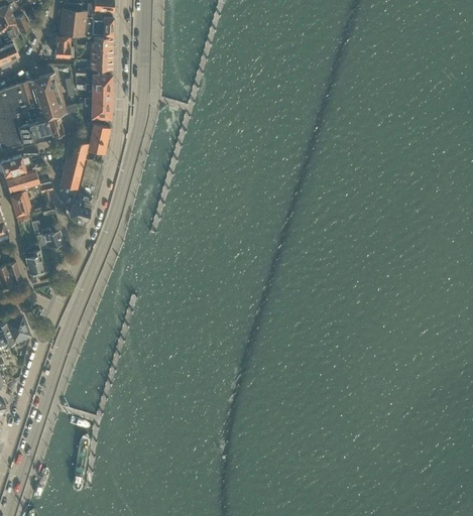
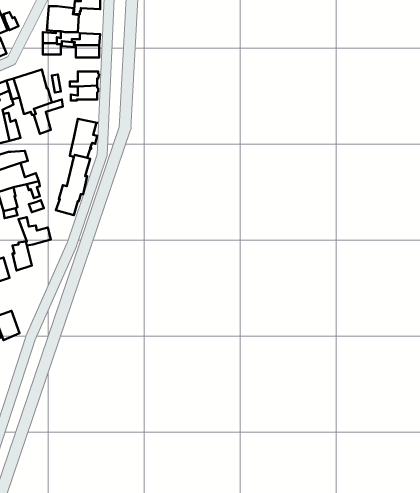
building: [93,15,114,36] -> none
building: [76,61,113,77] -> none
building: [91,104,112,127] -> none
building: [29,116,53,142] -> none
building: [61,139,88,187] -> none

